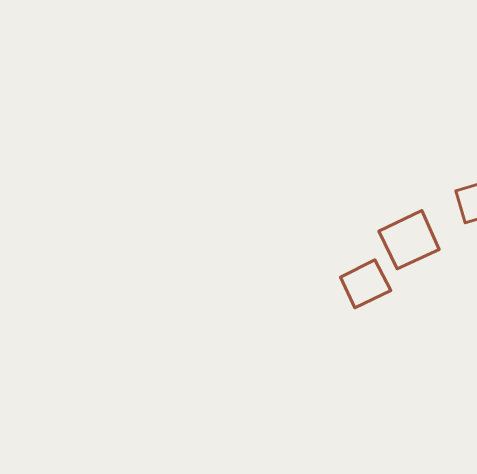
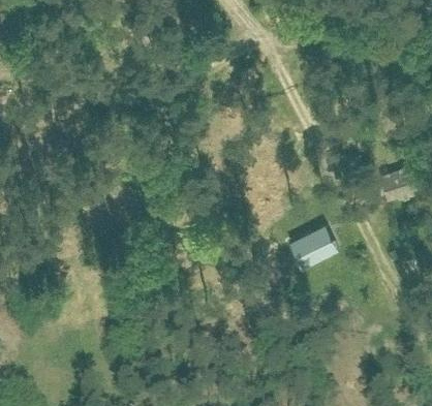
building: [379,210,439,269] -> none

